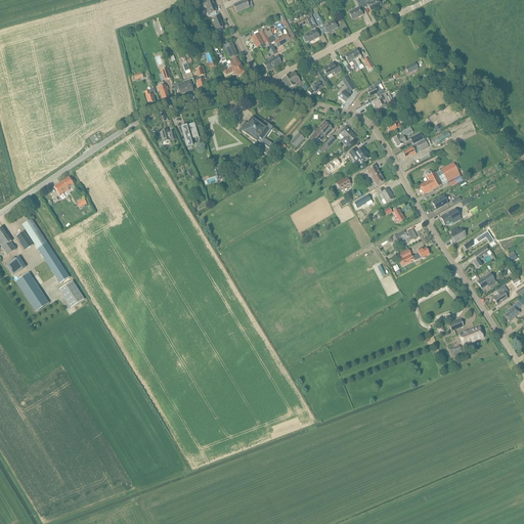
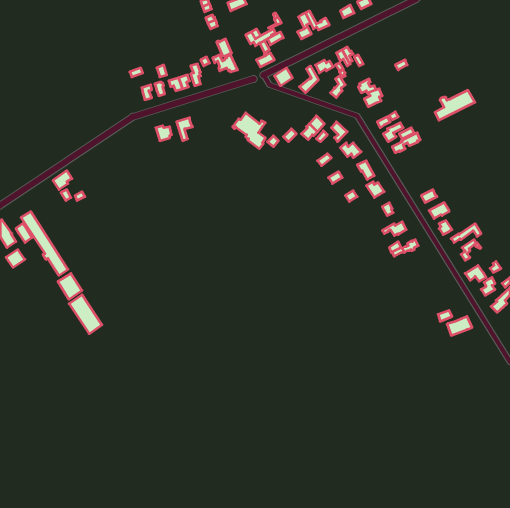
building: [420,162,461,192] -> [435,90,475,120]
building: [15,271,49,311] -> [69,295,102,334]

